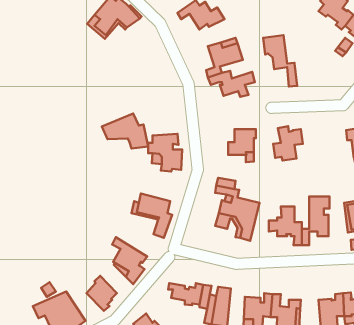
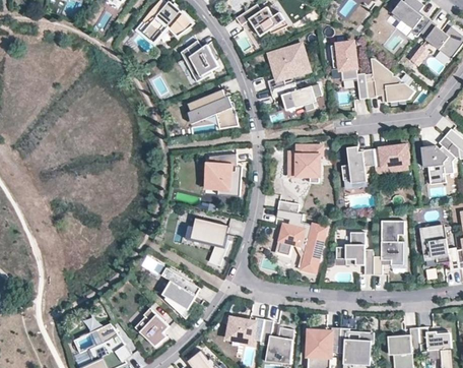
building: none -> [181,41,218,82]
building: none -> [365,58,417,103]
building: [102,113,148,149] -> [187,89,238,128]
building: none -> [372,144,407,169]

